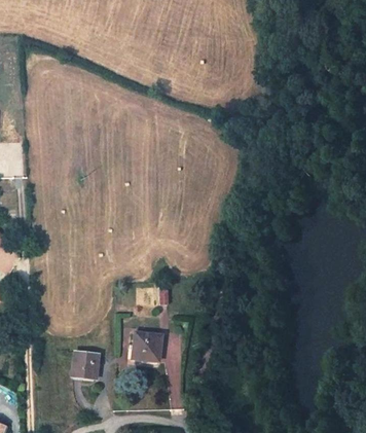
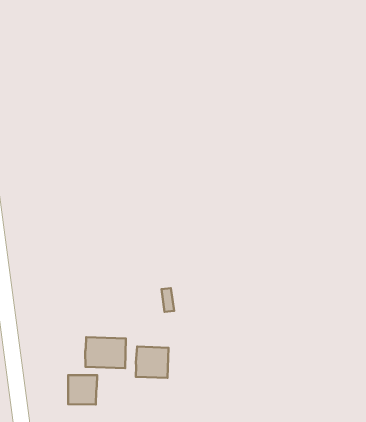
building: none -> [85,337,126,368]

